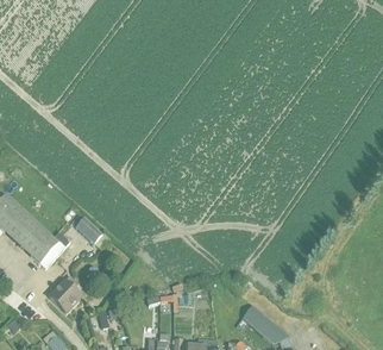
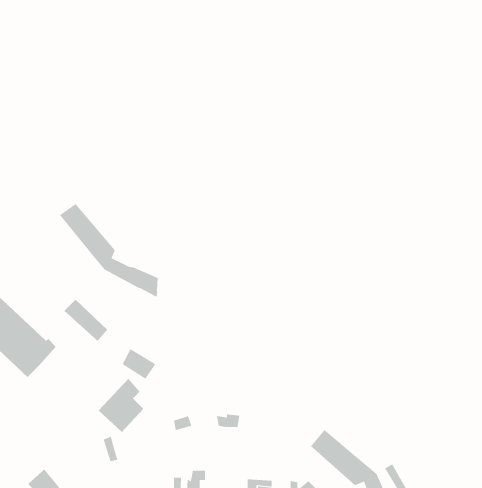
building: none -> [59,203,158,297]
building: [49,274,81,312] -> [98,378,144,433]

